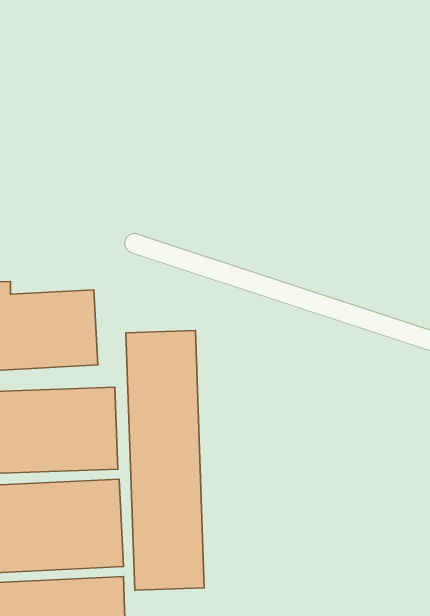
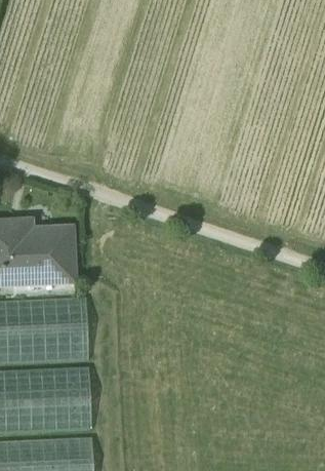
building: [126,330,204,590] -> none

